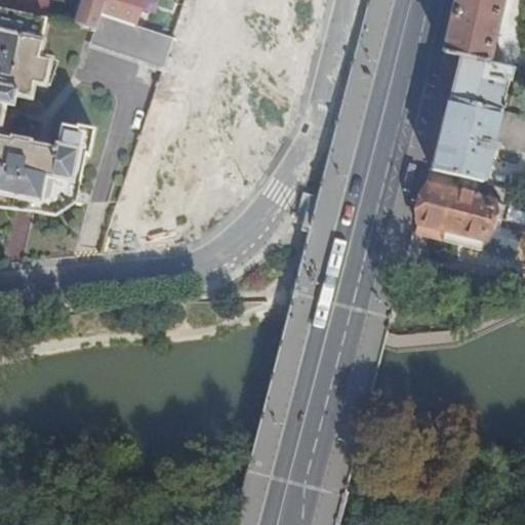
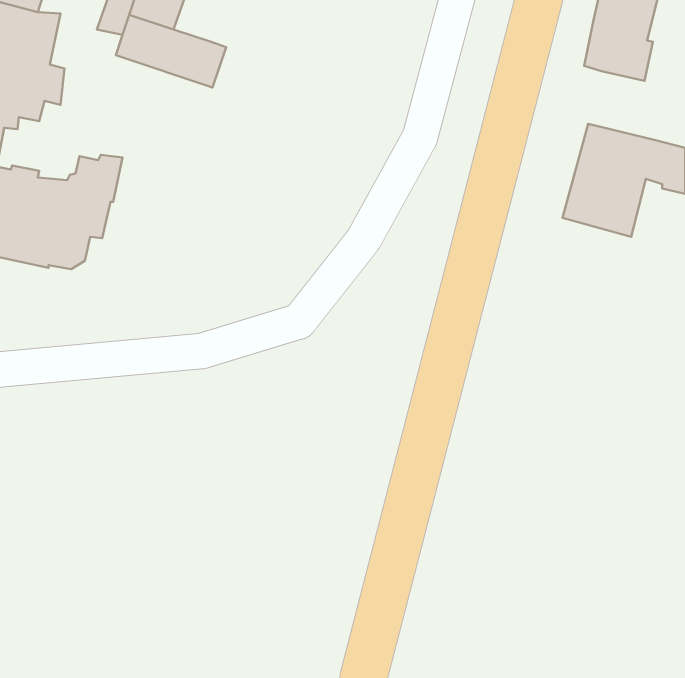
building: [448,54,508,107] -> none
building: [413,181,492,248] -> none

